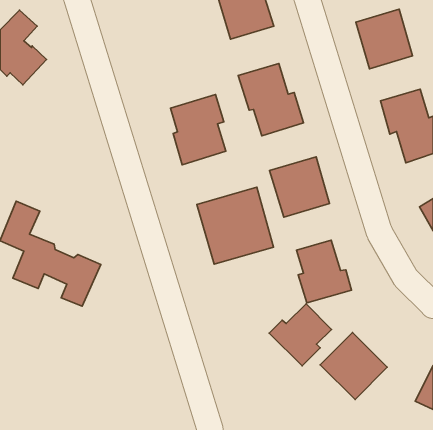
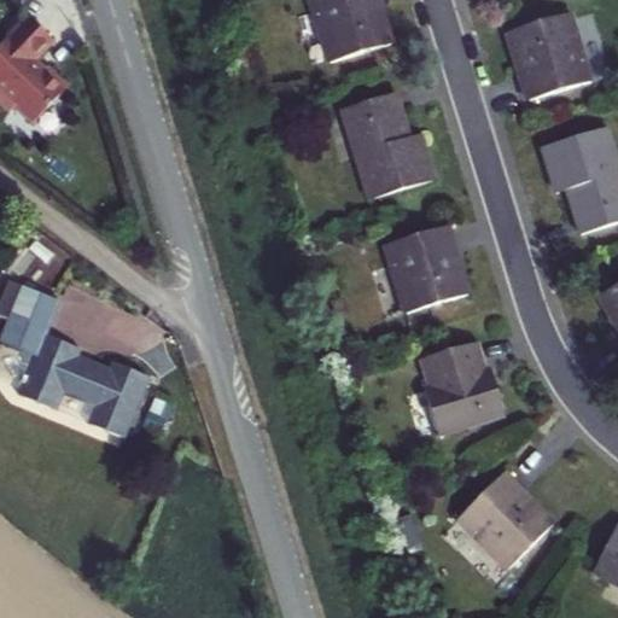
building: [171,94,226,165] -> none
building: [197,187,273,264] -> none
building: [269,304,331,366] -> none

